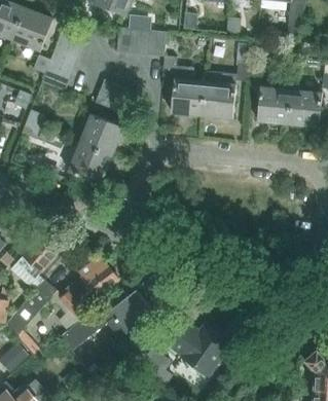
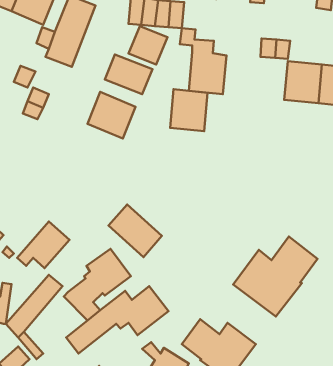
building: none -> [128,26,168,65]
building: [203,81,236,119] -> [170,89,208,131]
building: [69,143,112,185] -> none
building: none -> [109,204,162,257]
building: none -> [233,237,317,316]

